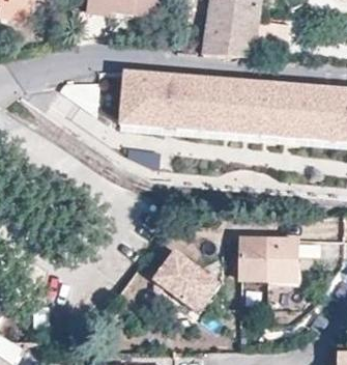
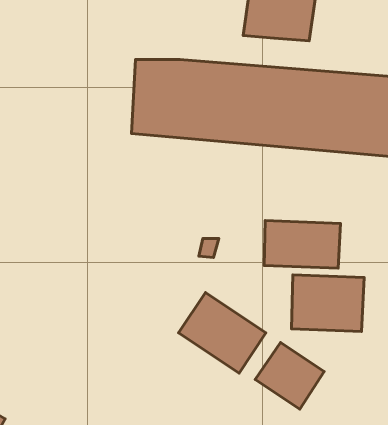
building: none -> [264,221,341,268]
building: none -> [255,342,324,409]

